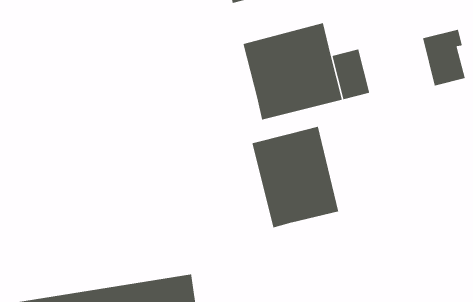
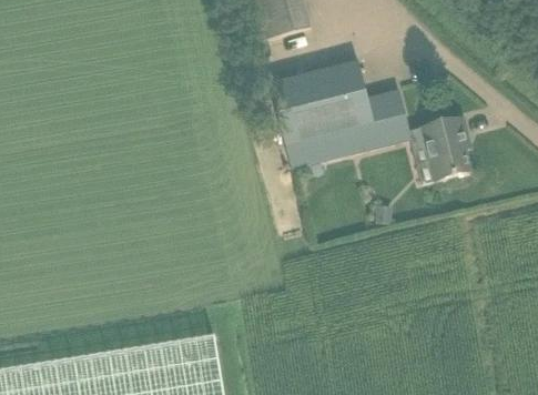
building: [422,29,466,87] -> [422,118,469,181]
building: [252,126,339,228] -> none

